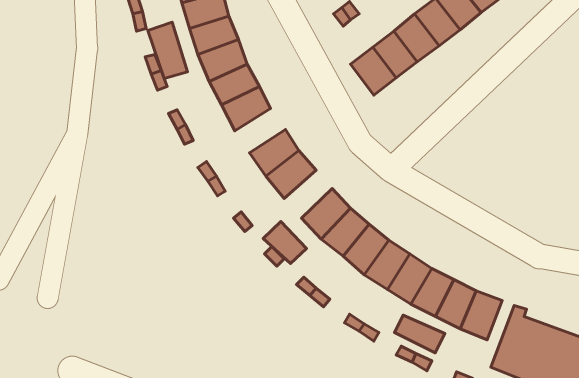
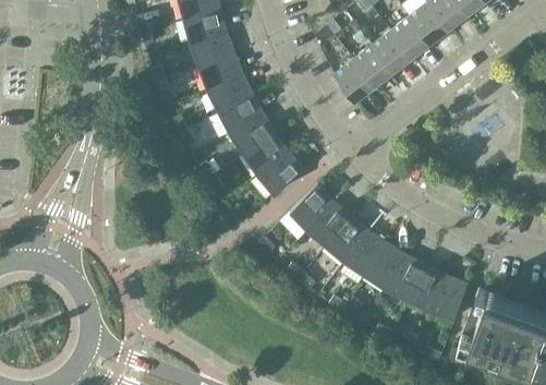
building: [148,22,187,79] -> none
building: none -> [230,116,275,155]
building: [263,222,307,264] -> none
building: [395,315,445,353] -> none

